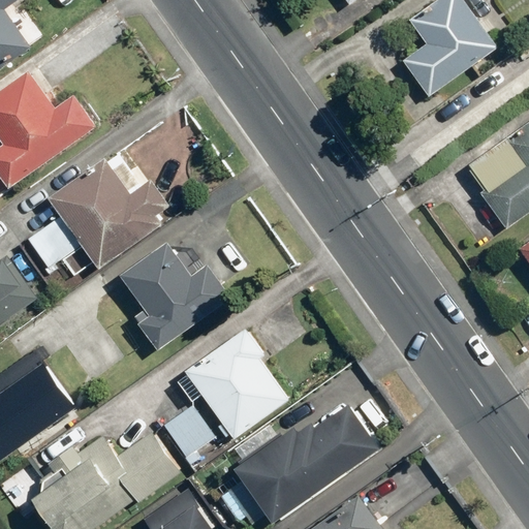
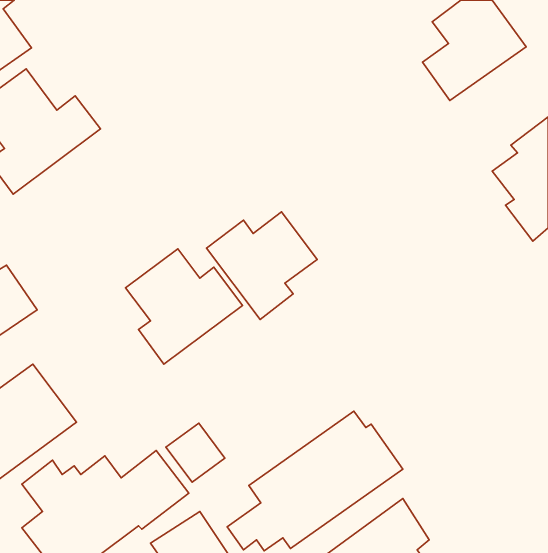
building: [23,151,167,279] -> none
building: none -> [207,212,317,320]
building: [175,329,289,440] -> none

